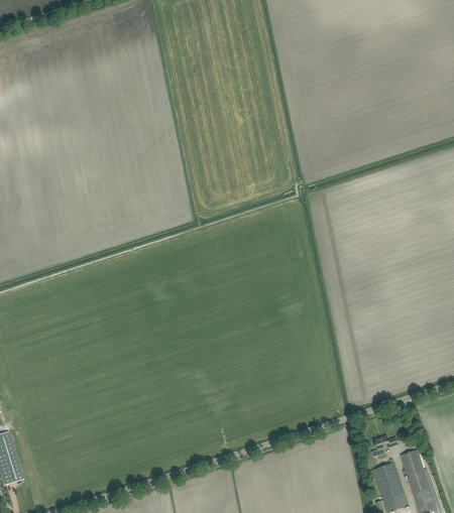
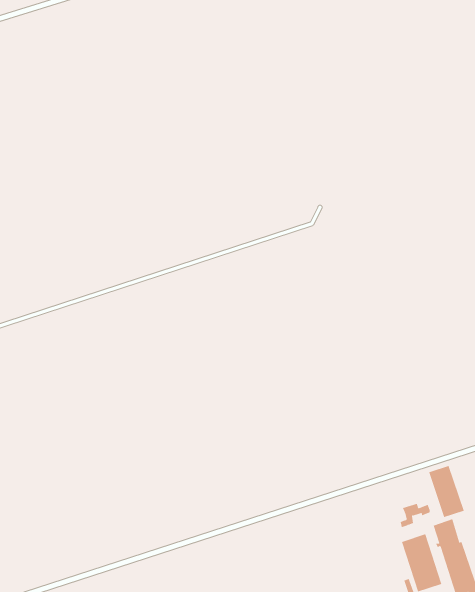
building: none -> [428,465,464,518]

